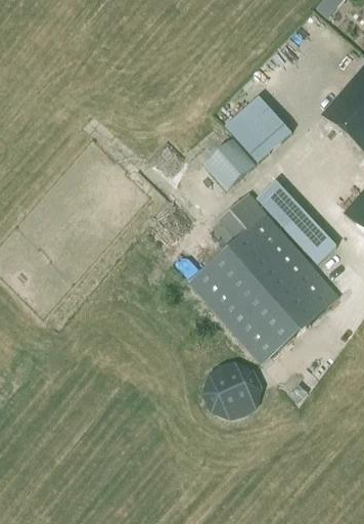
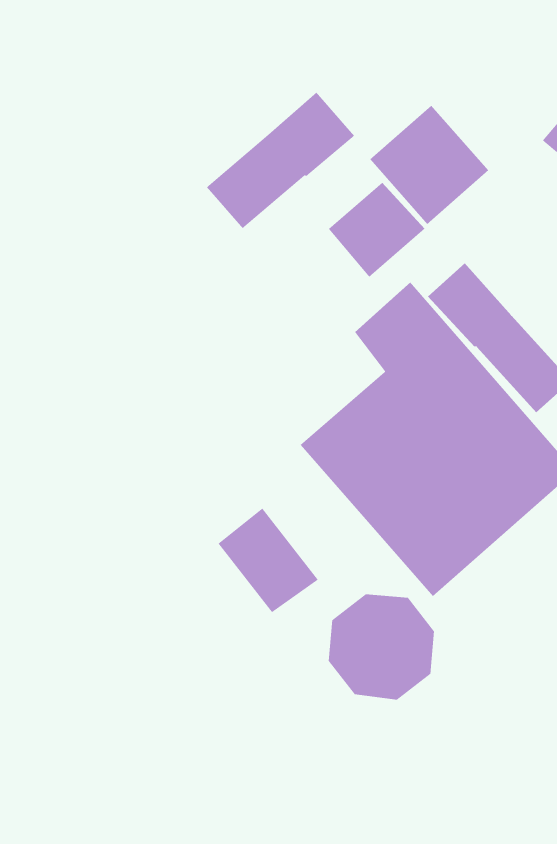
building: none -> [206,91,355,229]
building: none -> [217,507,319,613]

